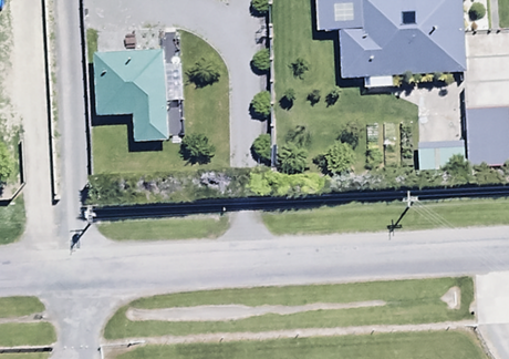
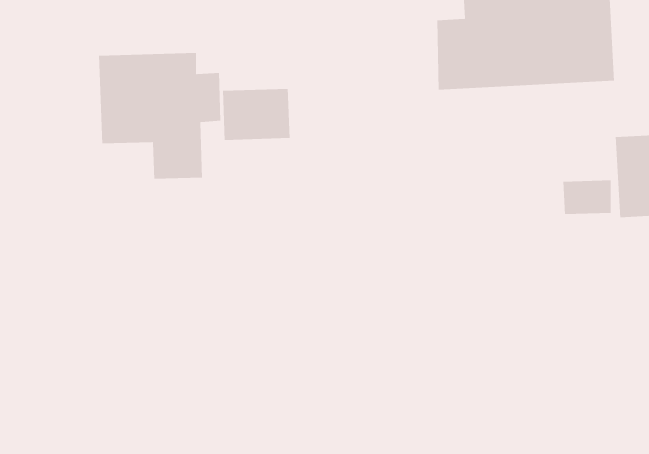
building: none -> [222,88,290,141]

